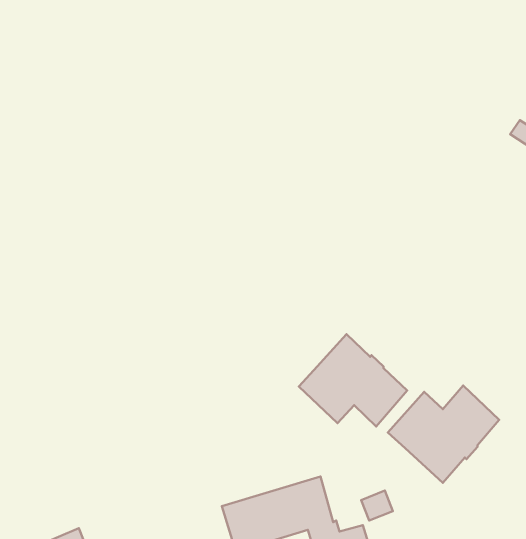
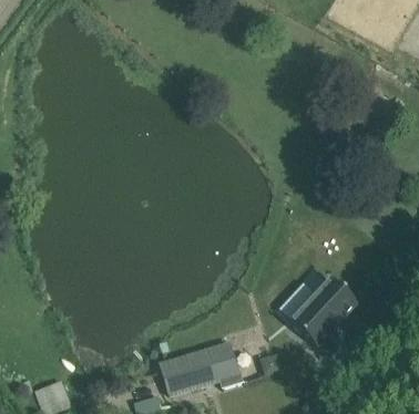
building: [299,334,407,426] -> none

